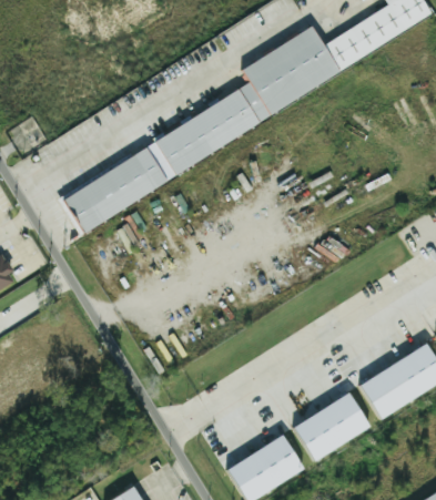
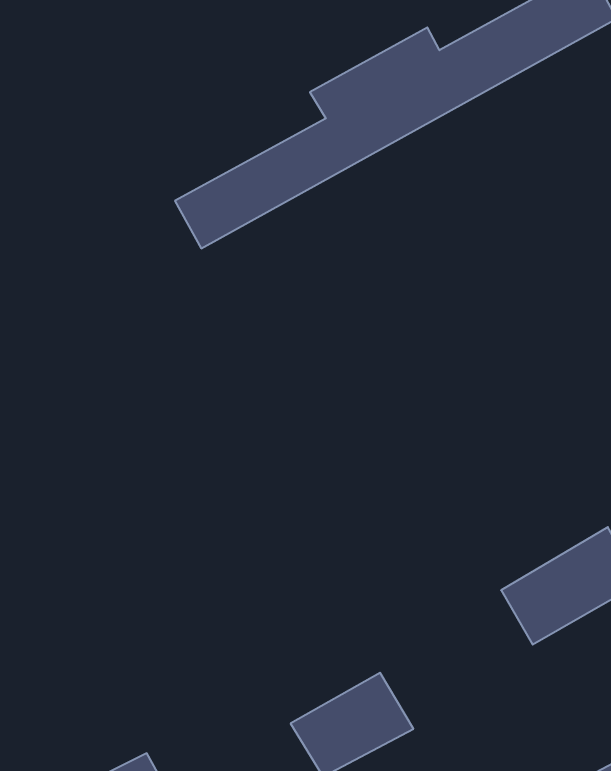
building: [61,146,170,232] -> none
building: [295,394,372,461] -> none

